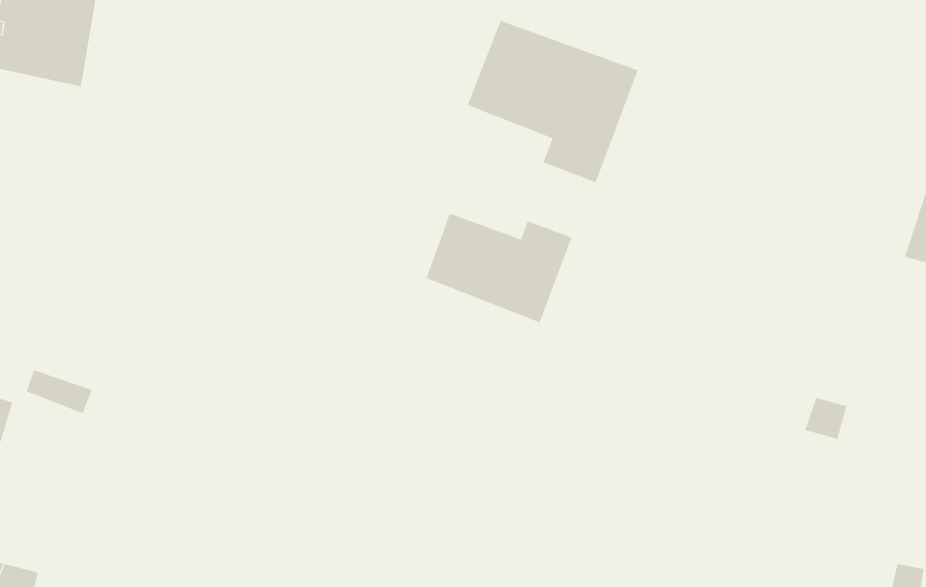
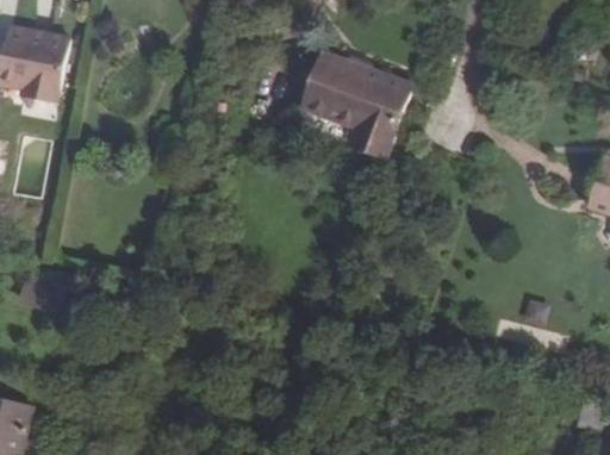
building: [426,213,572,323] -> none

